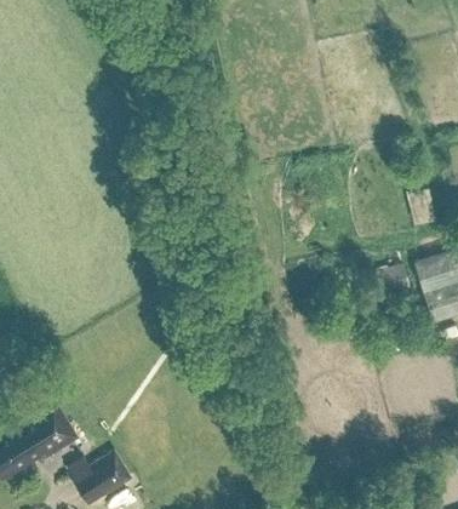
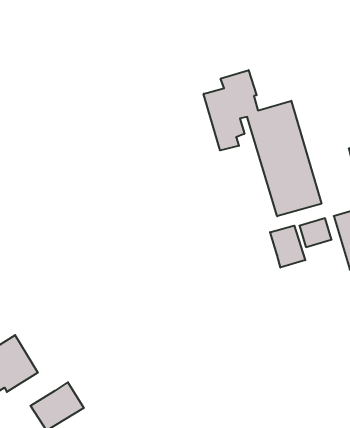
building: none -> [204,70,321,216]
building: none -> [270,226,305,268]

